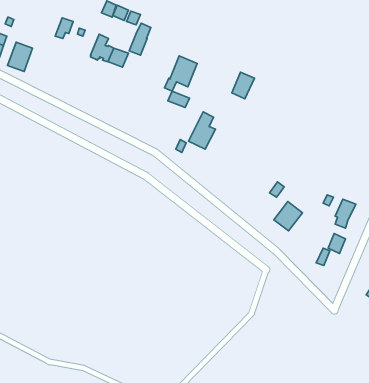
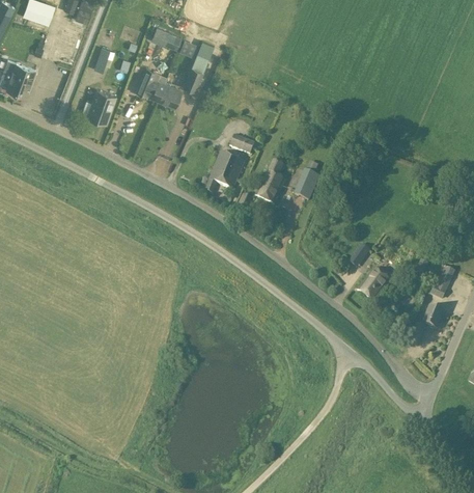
building: [8,42,33,72] -> [86,87,116,122]
building: [165,56,197,91] -> [203,150,243,193]
building: [232,72,254,99] -> [294,168,320,200]

